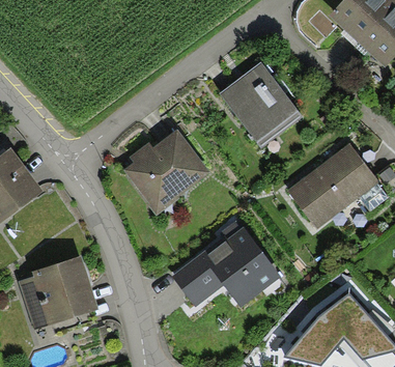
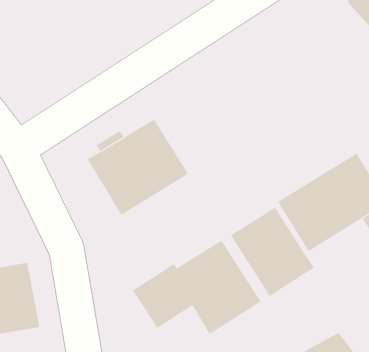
building: [219,61,301,145] -> none
building: none -> [230,207,315,297]

